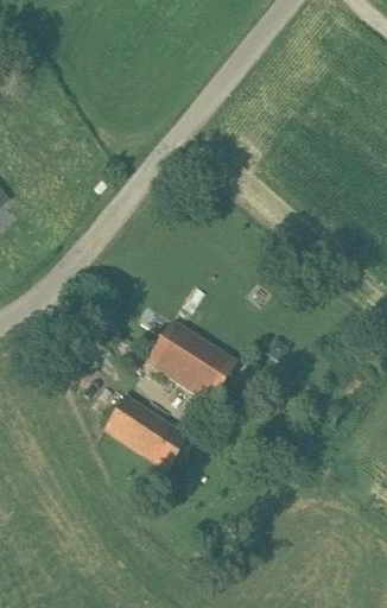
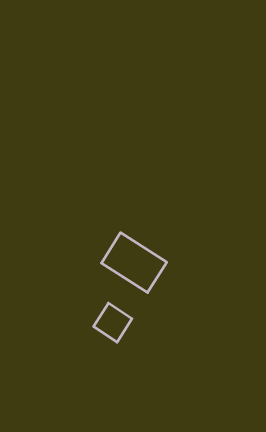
building: [103,394,154,446] -> none

